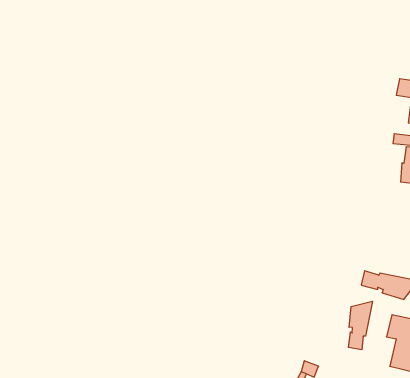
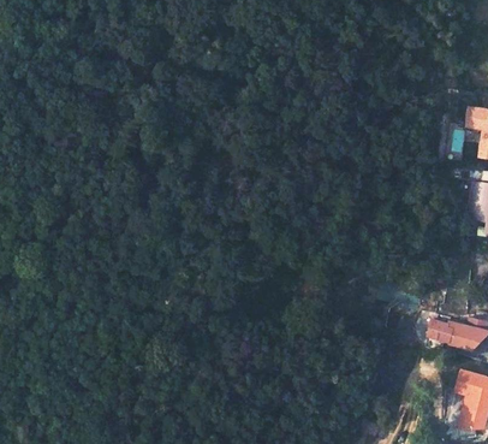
building: [348,301,372,350] -> none

